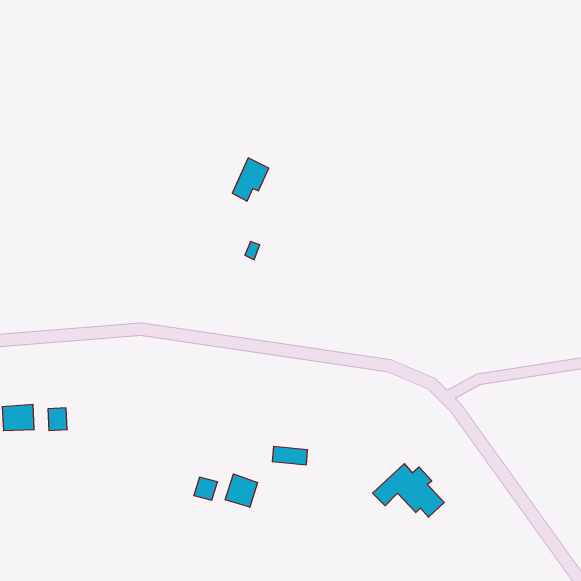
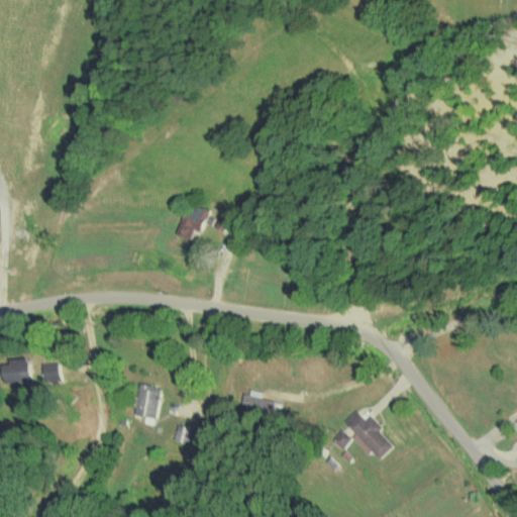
building: [232,158,269,201] -> [177,202,209,240]
building: none -> [134,385,162,424]
building: [225,474,258,507] -> none

